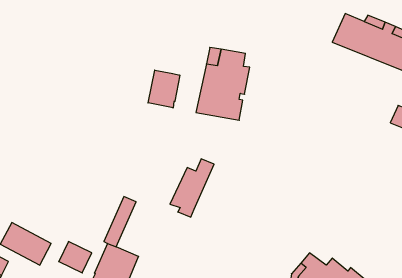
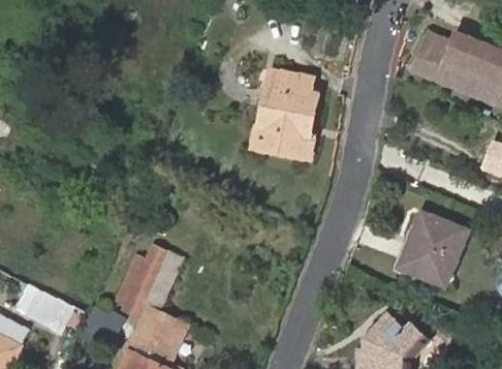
building: [148,70,180,108] -> none
building: [170,159,214,217] -> [113,244,165,313]
building: none -> [399,215,469,289]

